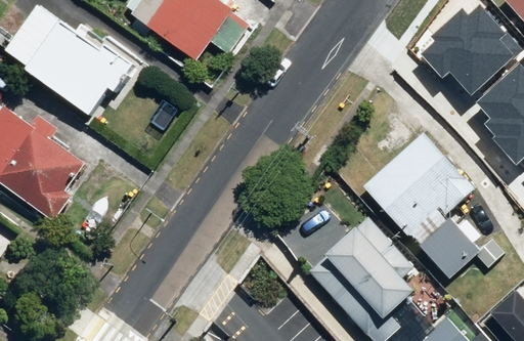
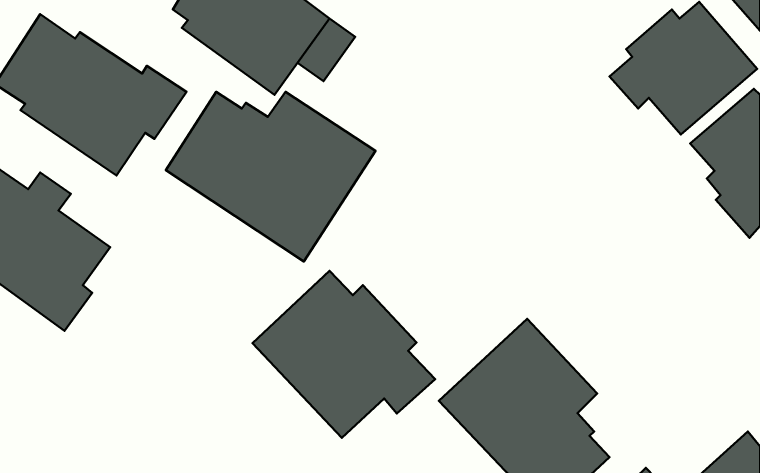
building: none -> [166,92,376,261]
building: [364,132,482,280] -> none
building: none -> [253,271,435,438]

